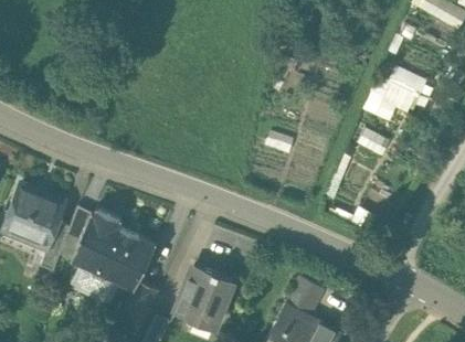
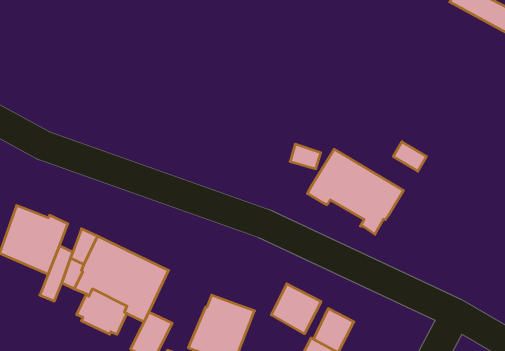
building: [366,63,434,120] -> none
building: none -> [307,149,403,234]
building: none -> [271,284,321,334]

